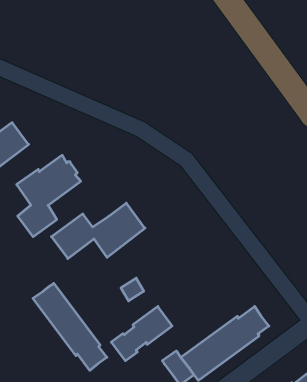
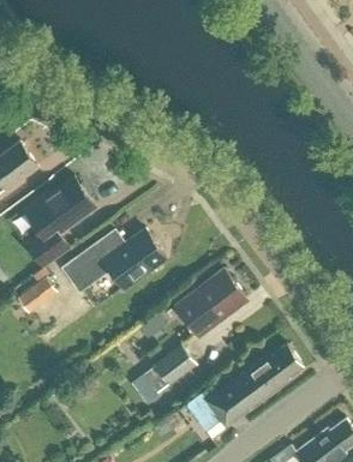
building: none -> [16,268,55,313]
building: none -> [175,270,246,335]
building: [33,283,107,370] -> none

